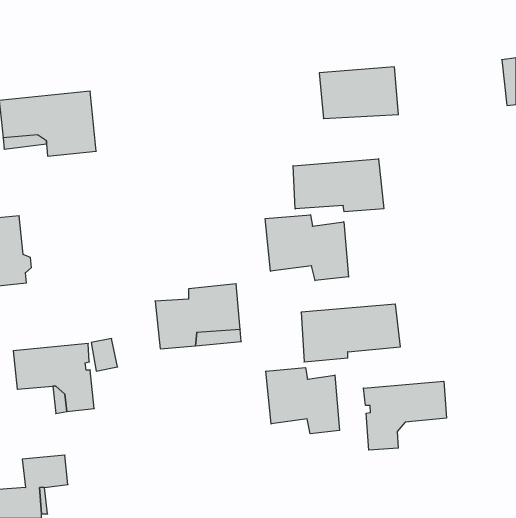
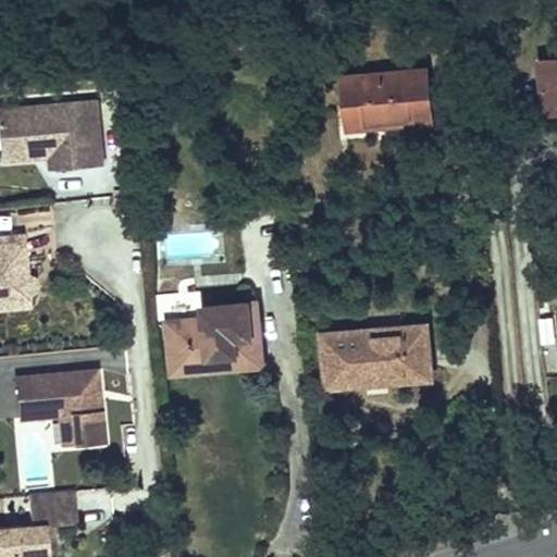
building: [293,159,384,212] -> none
building: [265,215,349,281] -> none
building: [266,368,340,434] -> none
building: [363,381,446,450] -> none

